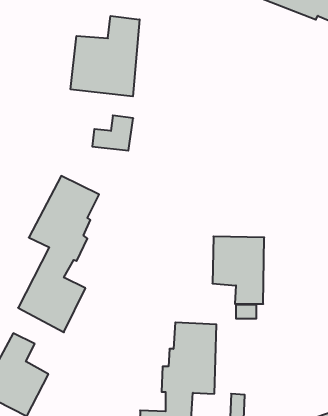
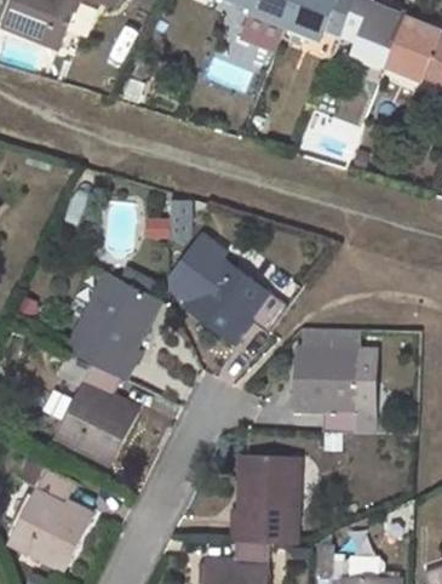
building: [71,16,140,96] -> none
building: none -> [170,234,289,342]

